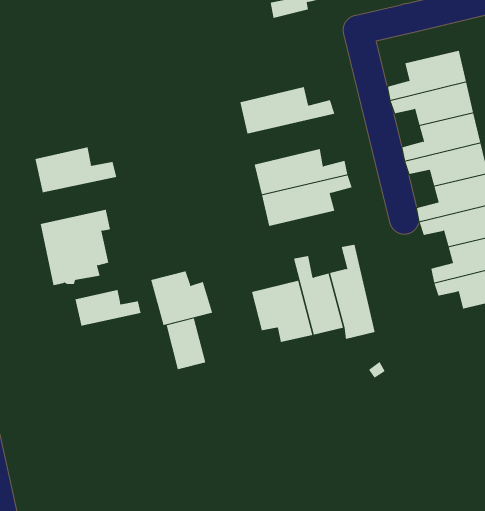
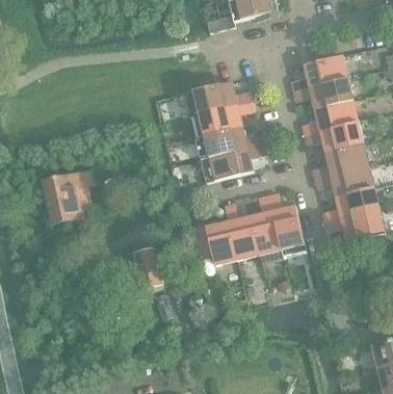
building: none -> [190,101,256,137]
building: [35,147,117,193] -> none
building: none -> [268,192,306,258]
building: [151,270,213,326] -> none
building: [75,289,141,327] -> none

